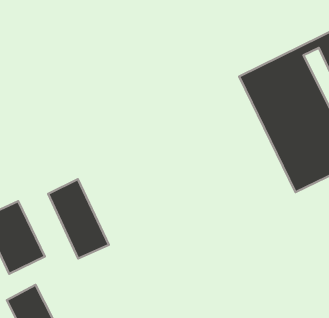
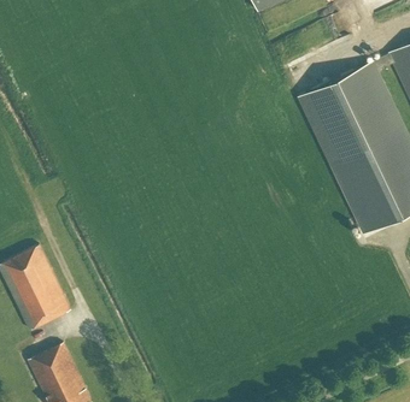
building: [48,179,109,259] -> none

